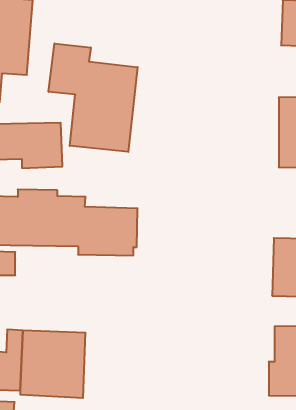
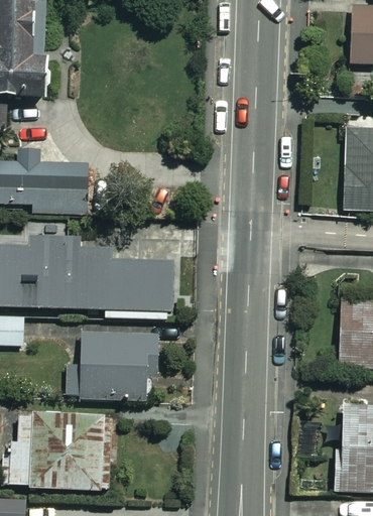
building: [49,43,138,152] -> none
building: none -> [67,331,153,399]

